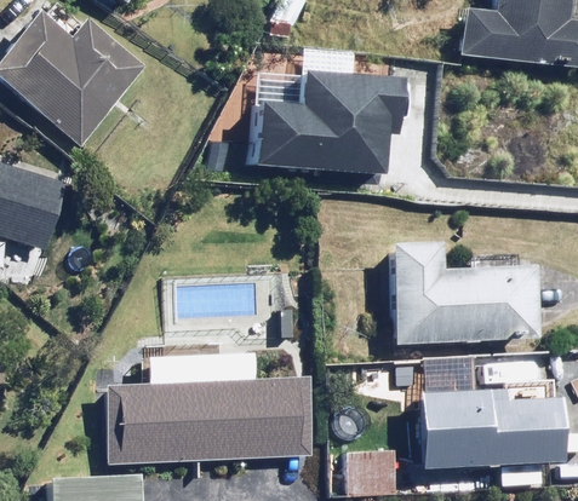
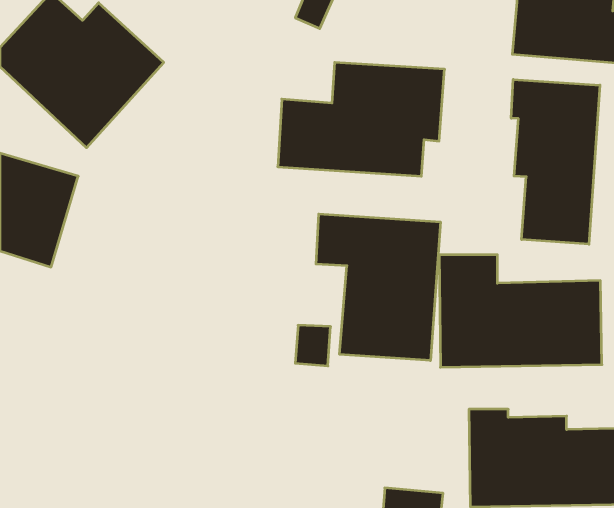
building: none -> [511,79,600,244]
building: none -> [316,214,440,361]
building: [108,352,313,459] -> none

